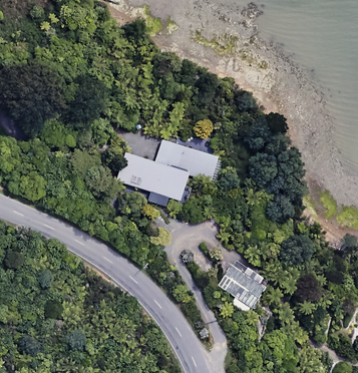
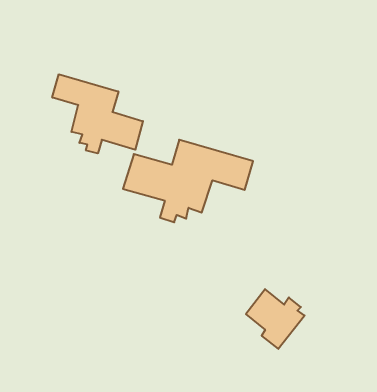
building: none -> [52,74,143,153]

